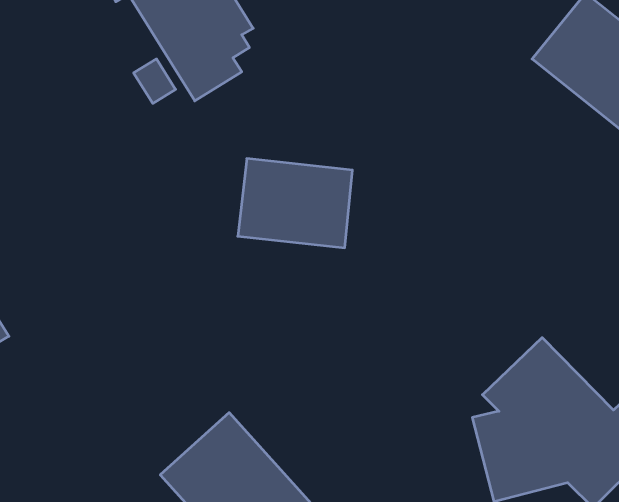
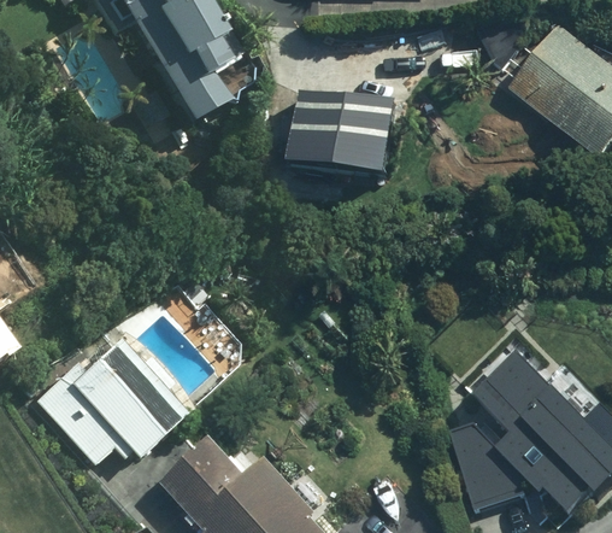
building: [238,159,352,248] -> [292,92,400,176]
building: none -> [46,341,175,469]

